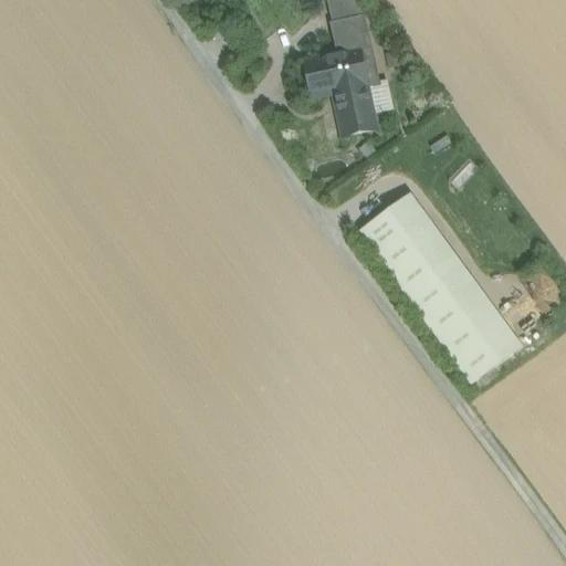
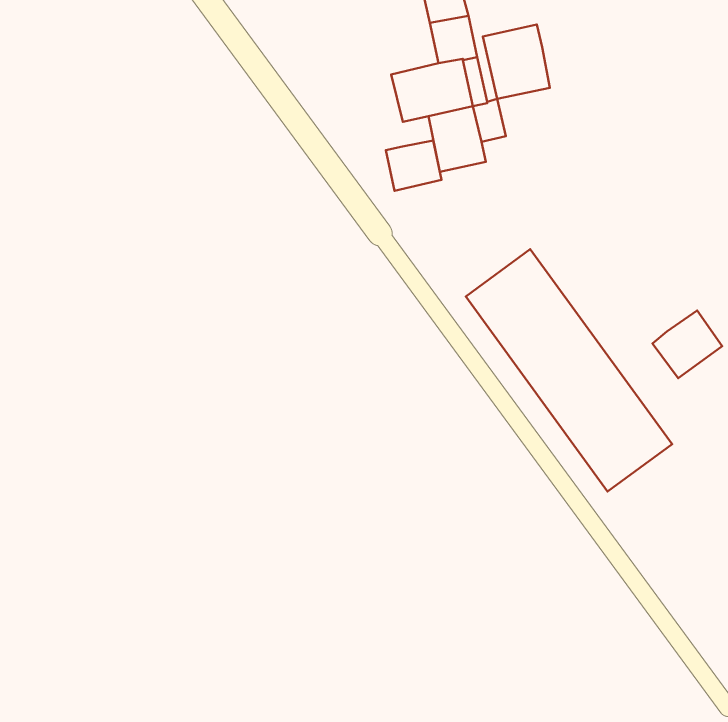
building: none -> [483,25,550,99]
building: none -> [386,141,442,191]
building: none -> [652,310,722,378]

